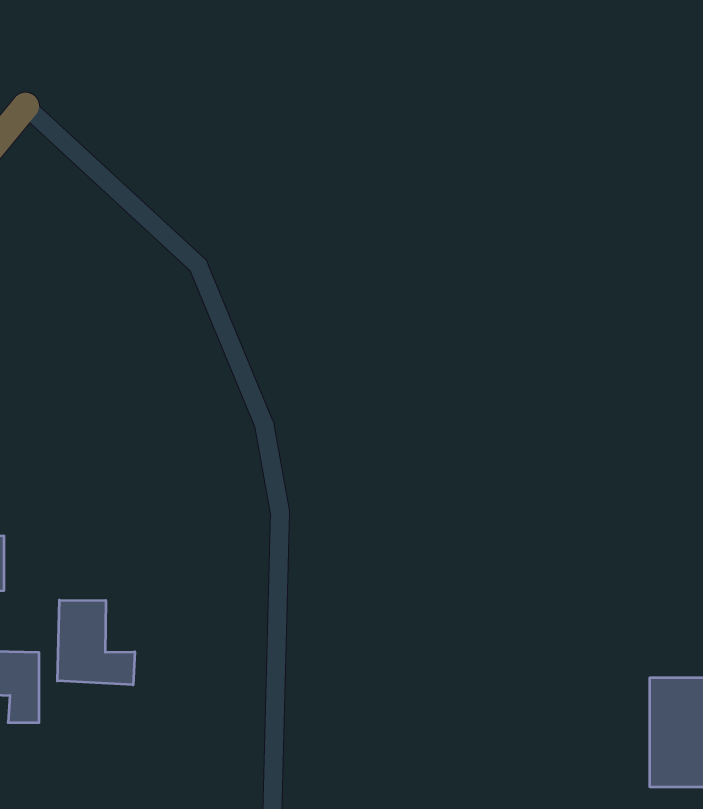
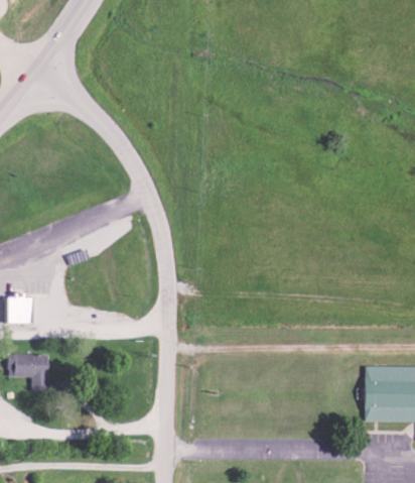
building: [57,600,135,685] -> none

